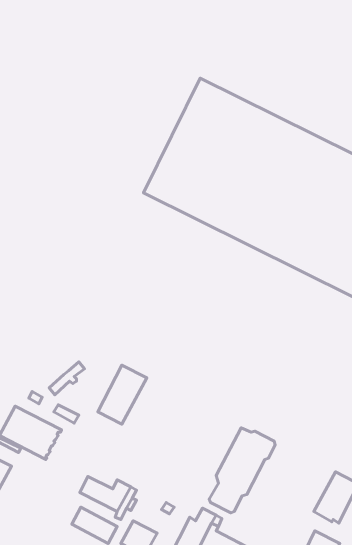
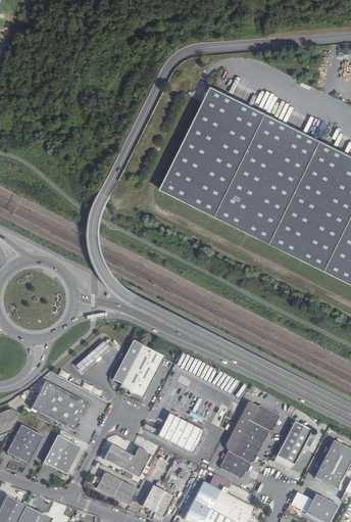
building: none -> [157,414,203,454]
building: none -> [274,421,312,469]
building: none -> [43,435,81,475]

